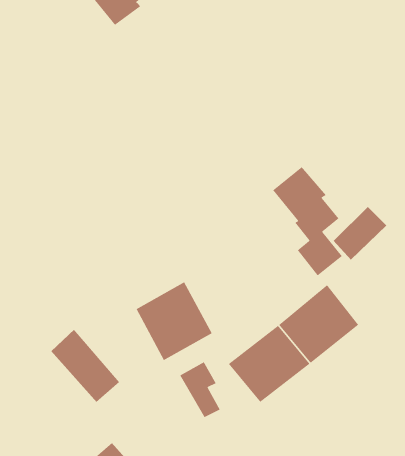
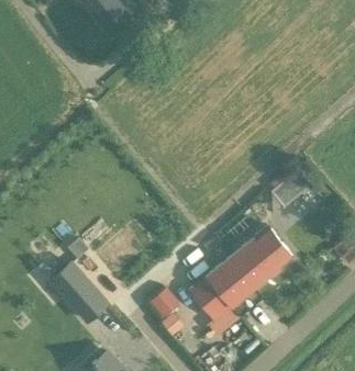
building: [272,166,343,276] -> none
building: [135,281,213,361] -> none

